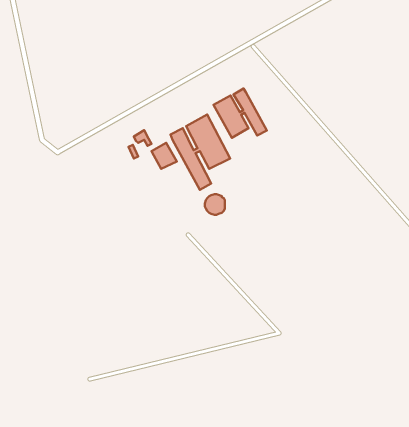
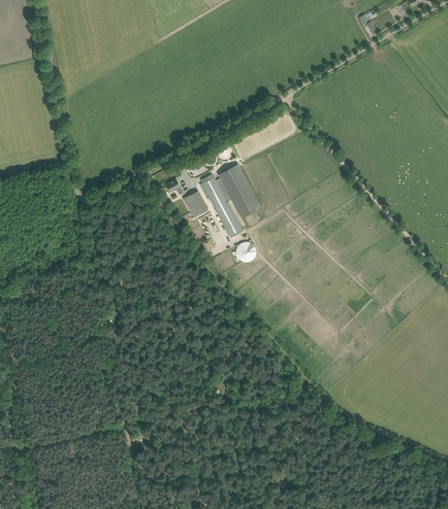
building: [213,89,267,138] -> none

